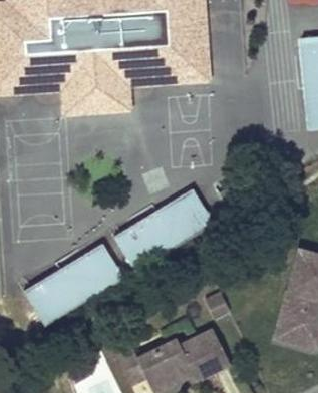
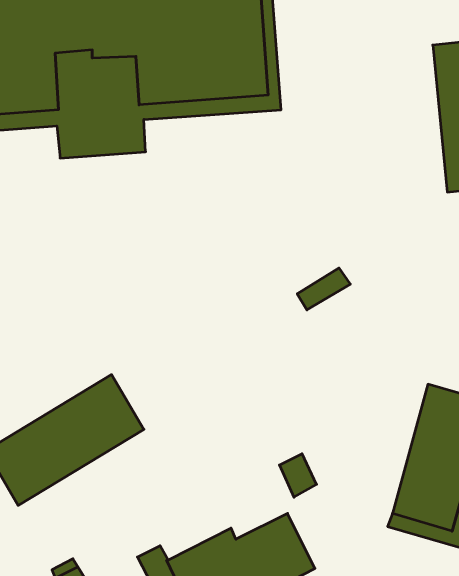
building: [113,188,212,270] -> none

